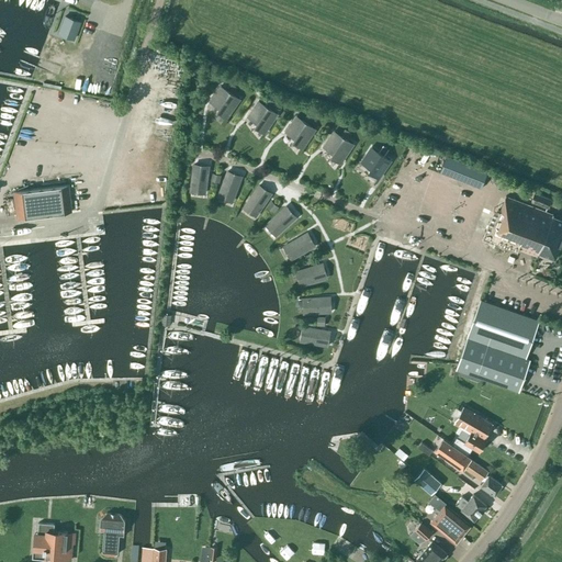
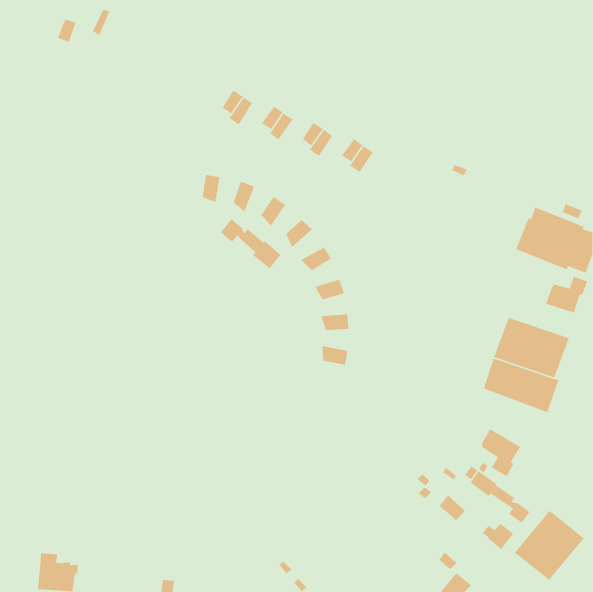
building: [361,147,391,179] -> none
building: [440,157,487,189] -> none
building: [12,186,71,220] -> none
building: none -> [220,218,282,269]
building: none -> [545,276,588,313]
building: none -> [514,510,585,581]
building: [430,505,470,543] -> none
building: [100,514,125,557] -> none

